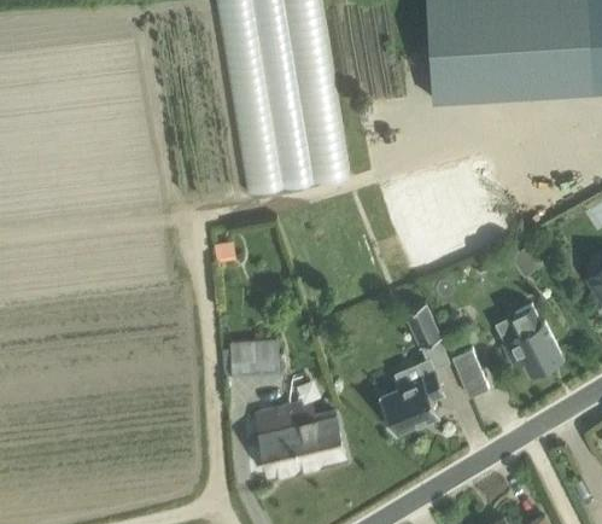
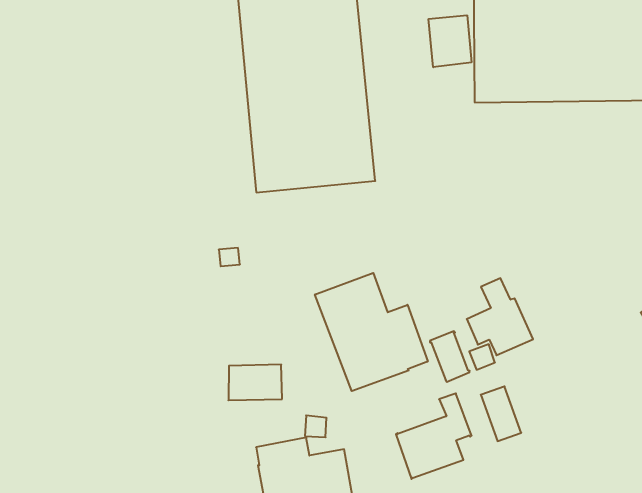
building: none -> [429,15,471,67]
building: none -> [315,273,428,391]
building: [504,309,563,377] -> [467,278,533,355]

